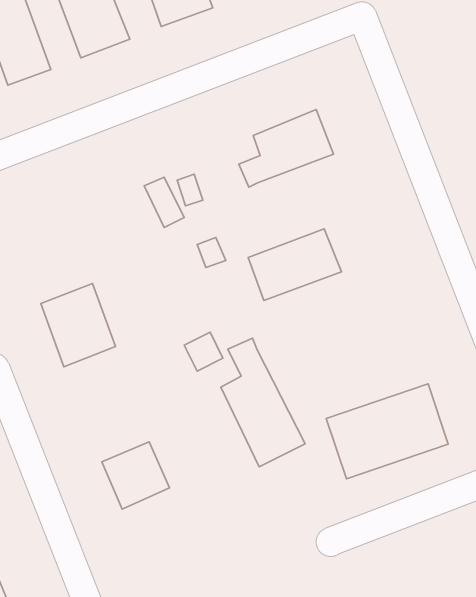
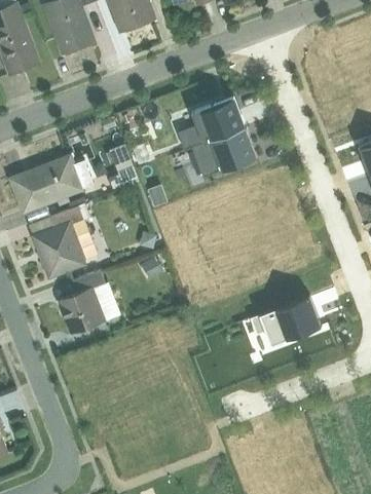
building: none -> [8,151,84,212]
building: [248,229,341,301] -> [188,125,255,177]
building: [221,338,305,467] -> none
building: [102,442,169,509] -> [58,284,106,333]

